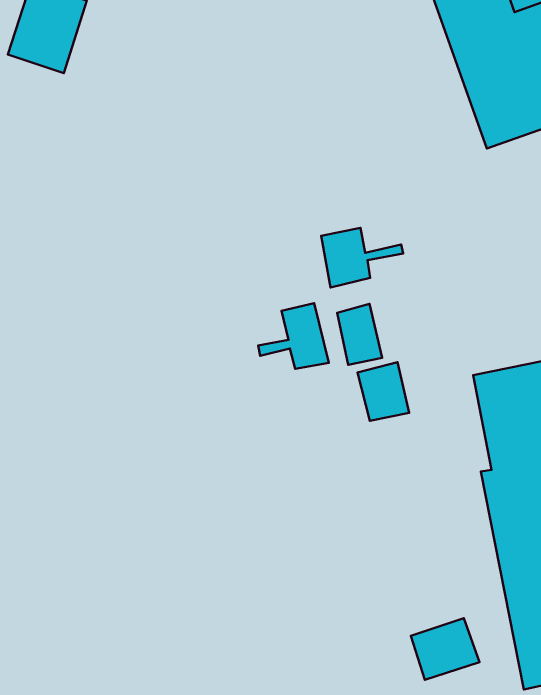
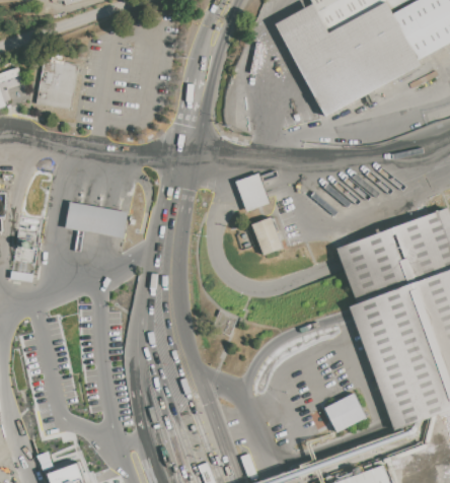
building: none -> [65,201,128,256]
building: [258,303,329,369] -> none
building: [358,362,409,421] -> none

